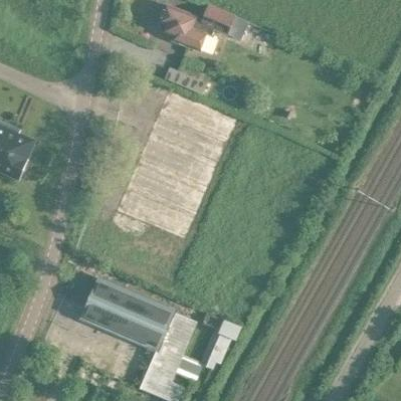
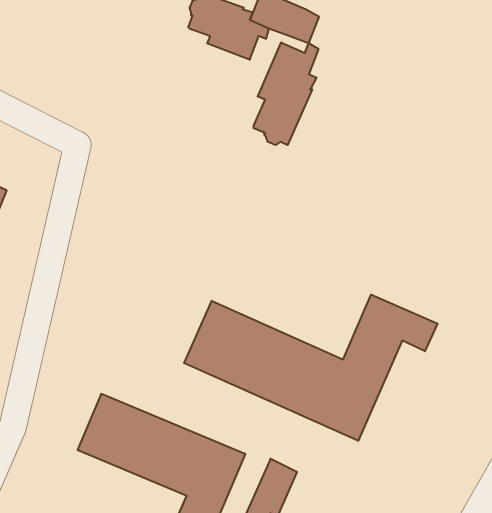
building: none -> [253,42,318,145]
building: none -> [184,295,437,441]

